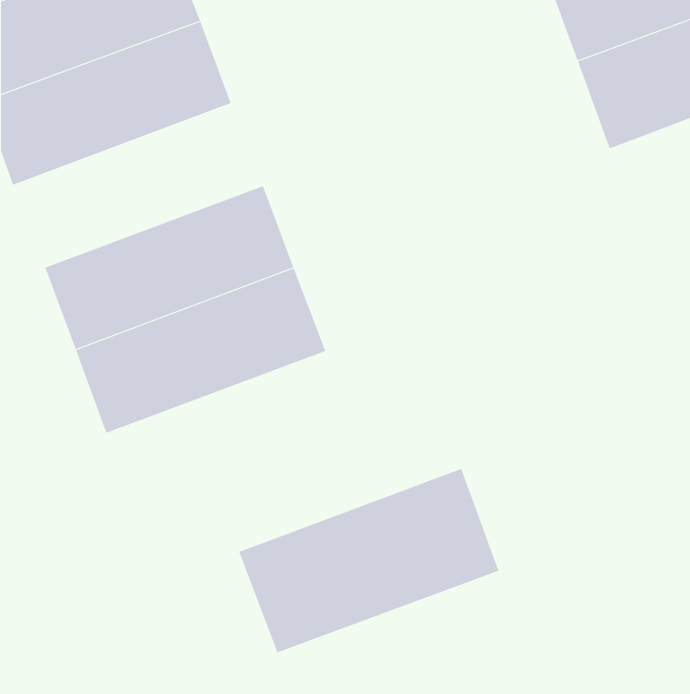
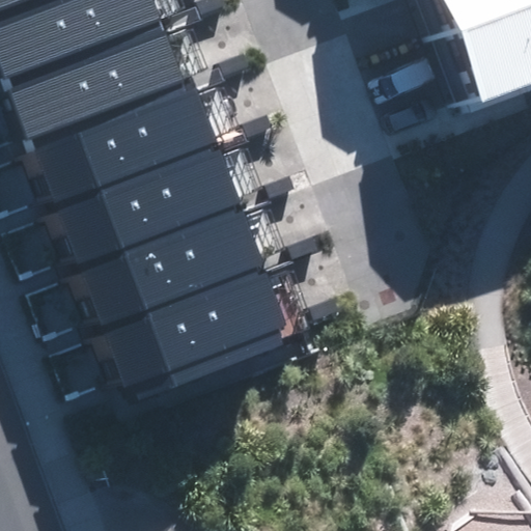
building: none -> [26,77,213,199]
building: none -> [95,261,282,384]
building: [238,468,499,653] -> none

